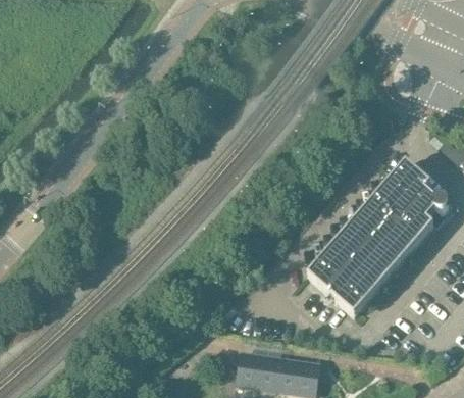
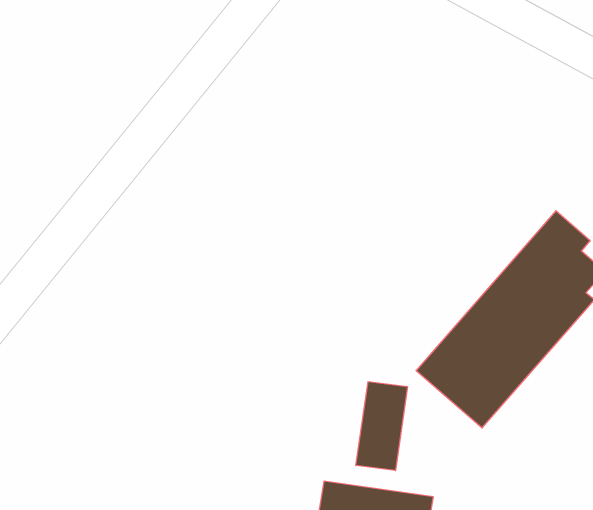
building: none -> [356,382,408,471]

